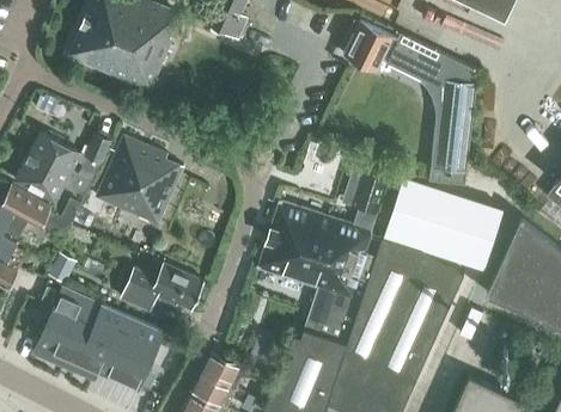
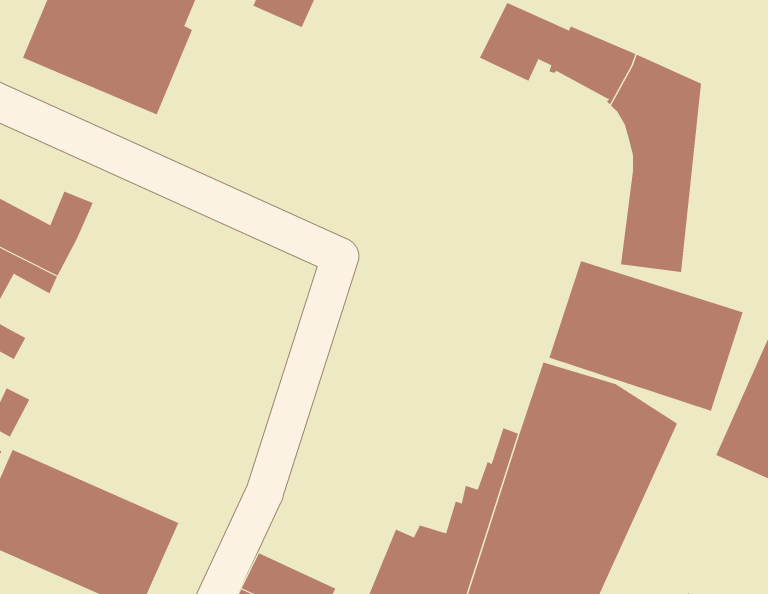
building: [96,137,182,227] -> none
building: [257,172,386,342] -> none
building: [121,265,203,313] -> none

